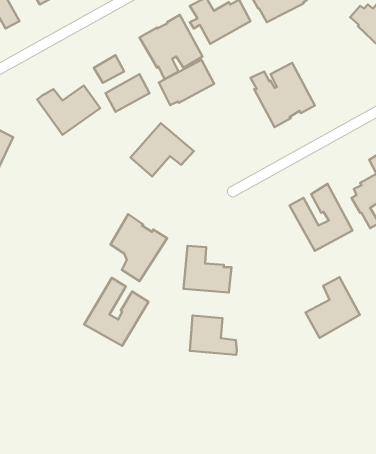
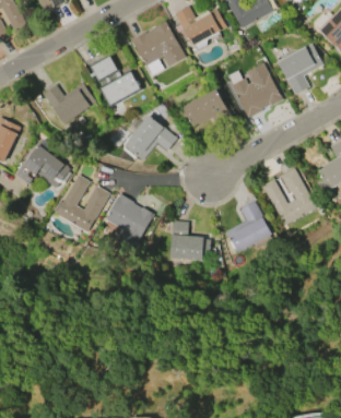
building: none -> [277,43,324,95]
building: [159,60,214,105] -> [181,87,230,127]
building: none -> [15,141,70,188]
building: [305,277,360,338] -> [224,201,271,253]
building: [84,278,149,346] -> [54,174,109,232]
building: [190,315,237,355] -> none

